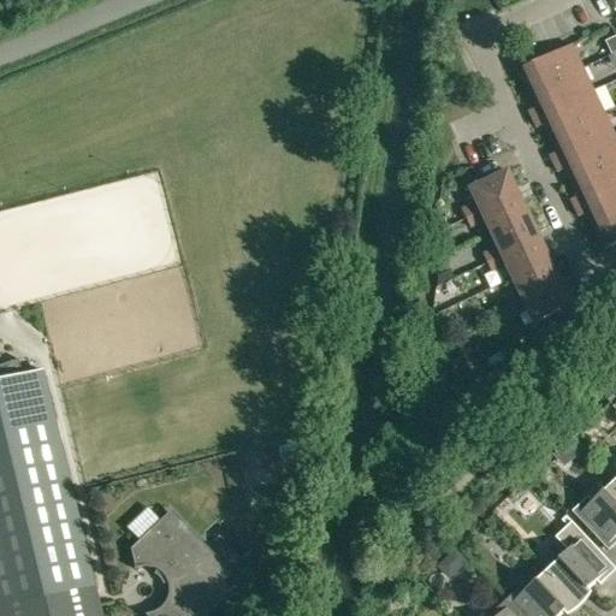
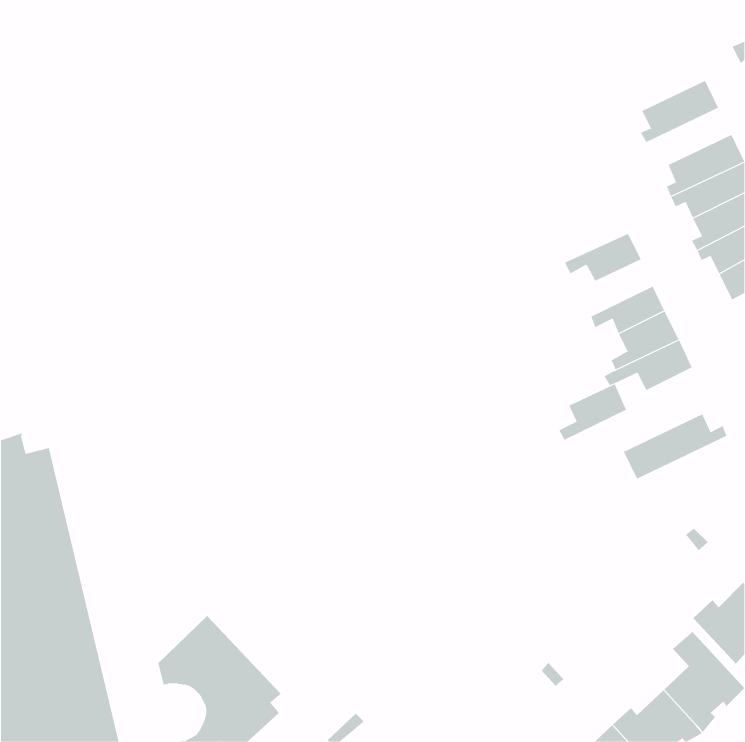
building: [519,43,582,91] -> none
building: [533,89,604,136] -> none
building: [462,168,519,217] -> none
building: [482,214,539,261] -> [558,384,627,440]
building: none -> [623,413,727,479]

